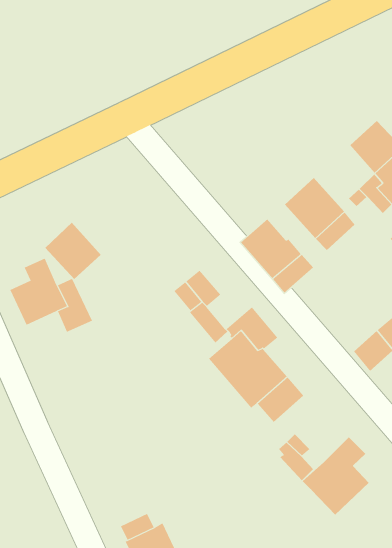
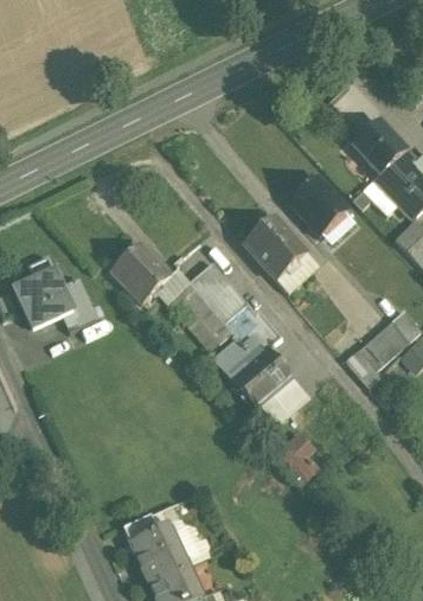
building: [45,222,102,280] -> [111,244,168,302]
building: [302,436,370,516] -> none

